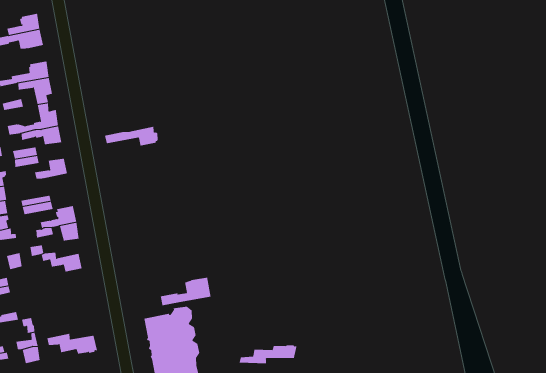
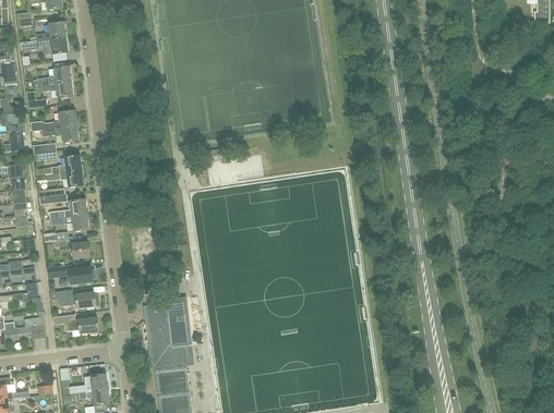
building: [104,126,159,146] -> [36,169,85,186]
building: [160,277,211,306] -> none
building: none -> [47,264,95,283]
building: none -> [49,289,98,308]
building: [239,344,297,364] -> none

